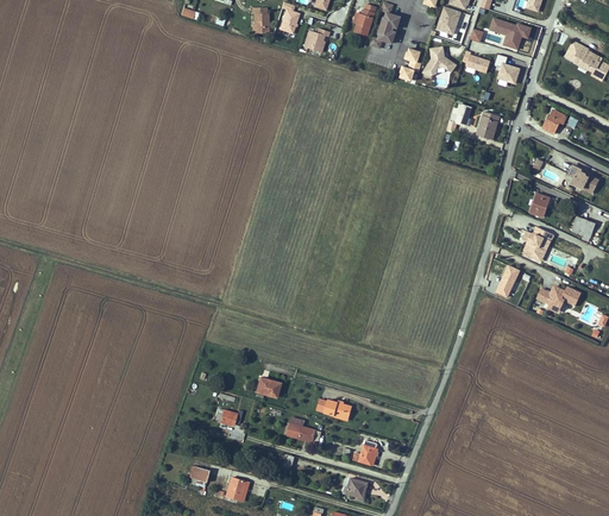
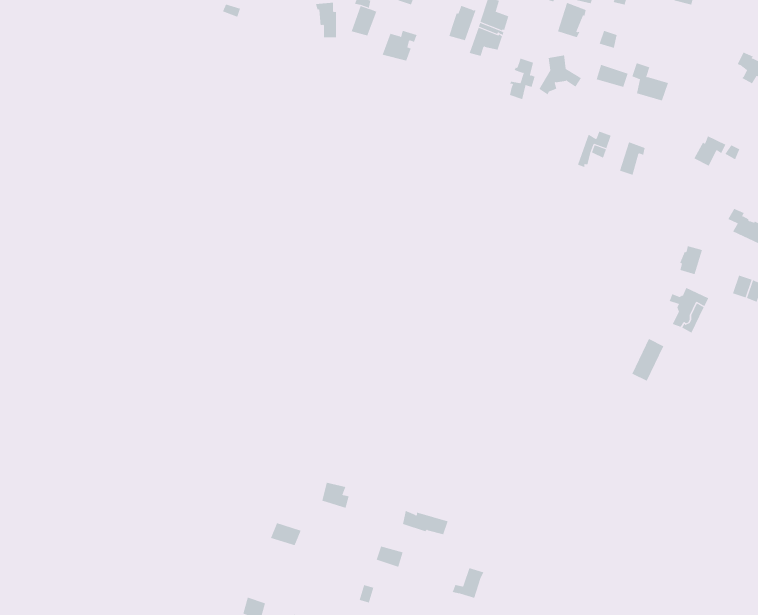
building: [490,18,533,48] -> none
building: [536,287,579,309] -> none

